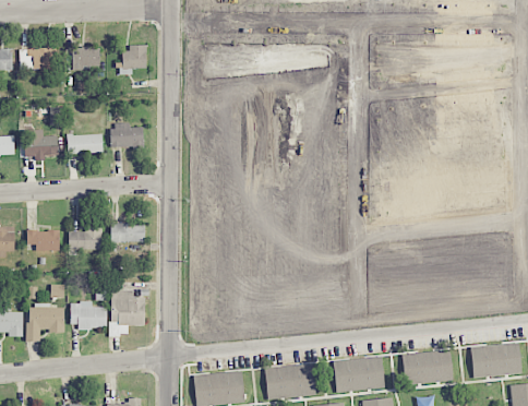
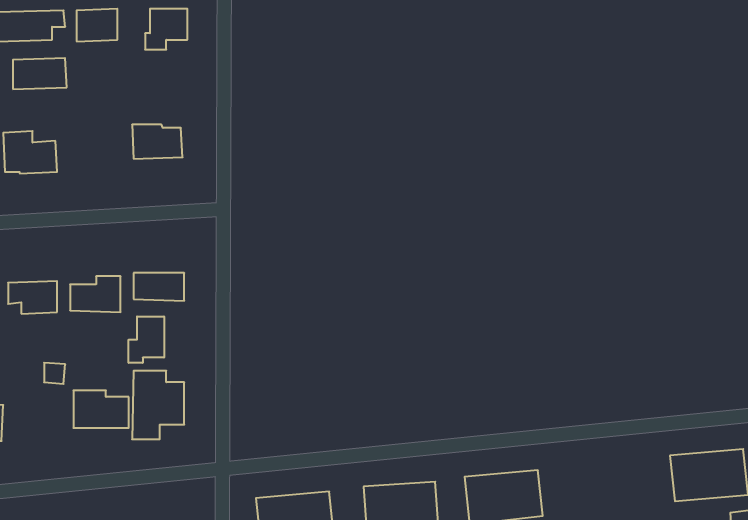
building: [68,133,104,154] -> [13,58,67,89]
building: none -> [129,316,164,363]
building: [27,304,65,342] -> none
building: [403,349,454,383] -> none

